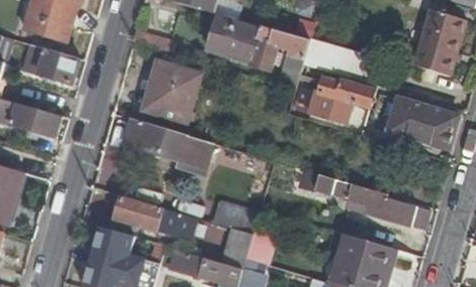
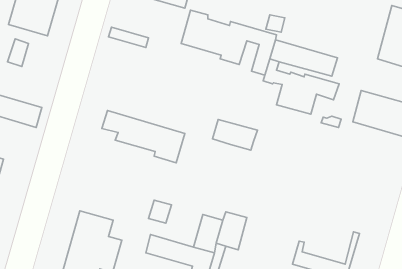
building: [39,48,80,83] -> none
building: [142,62,199,122] -> none
building: [316,174,429,230] -> none
building: [114,196,166,232] -> none
building: [211,202,259,235] -> [213,120,257,150]
building: [335,235,389,281] -> none

